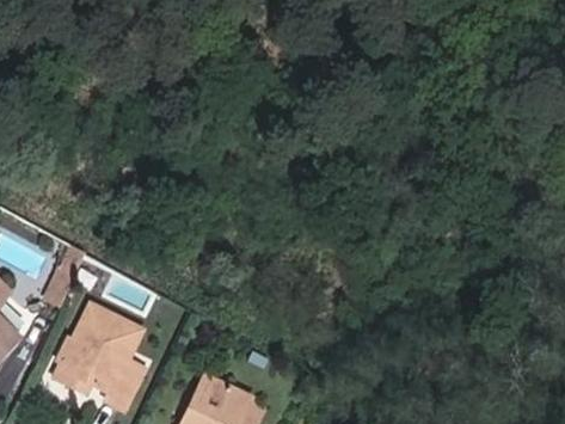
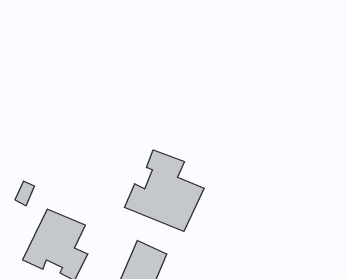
building: none -> [125,150,204,231]

